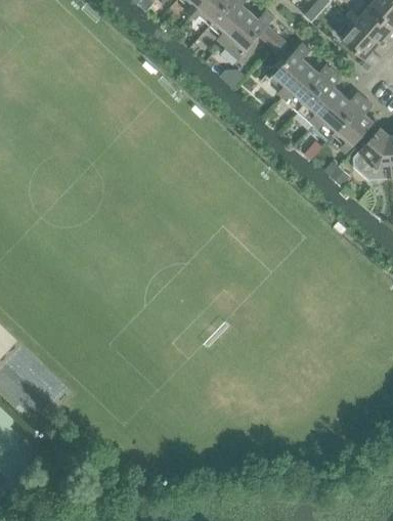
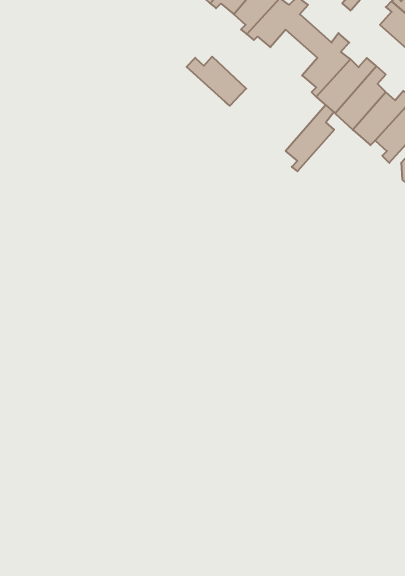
building: none -> [187,57,246,106]
building: none -> [286,105,334,171]

